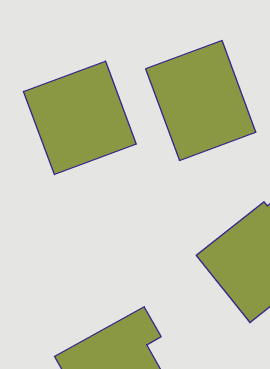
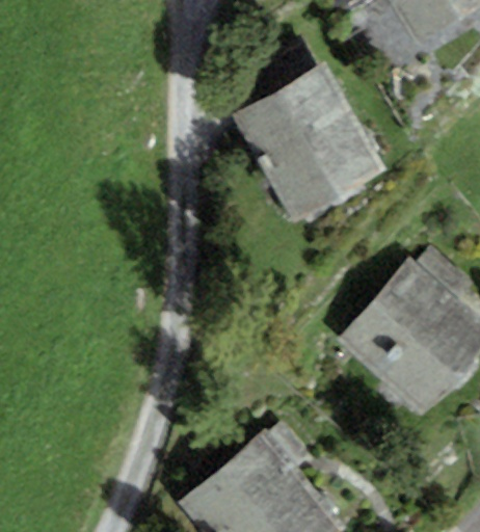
building: [24,61,136,175] -> none

